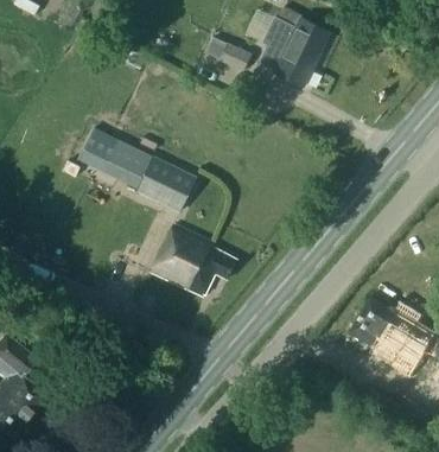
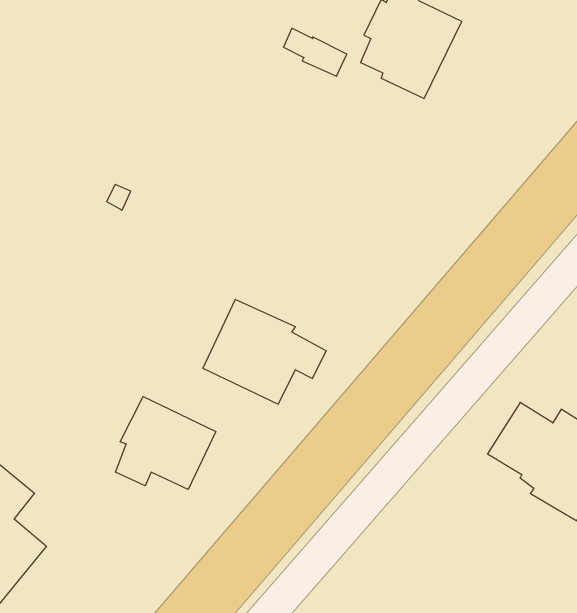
building: [98,138,197,214] -> none
building: none -> [116,397,216,489]

